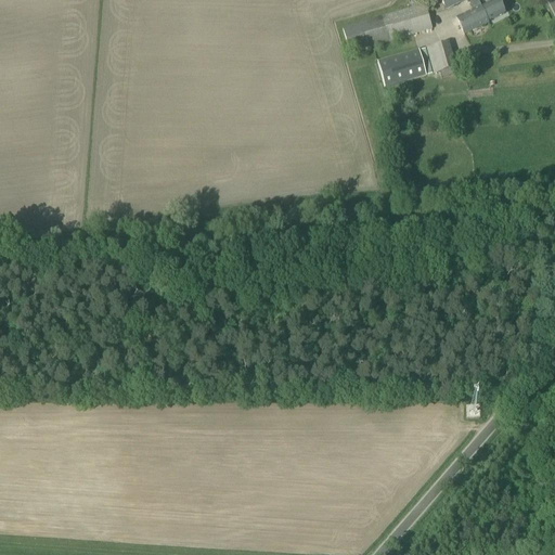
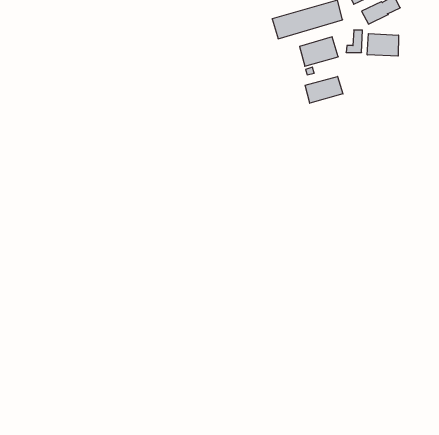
building: none -> [367,34,398,56]
building: none -> [305,76,343,103]

